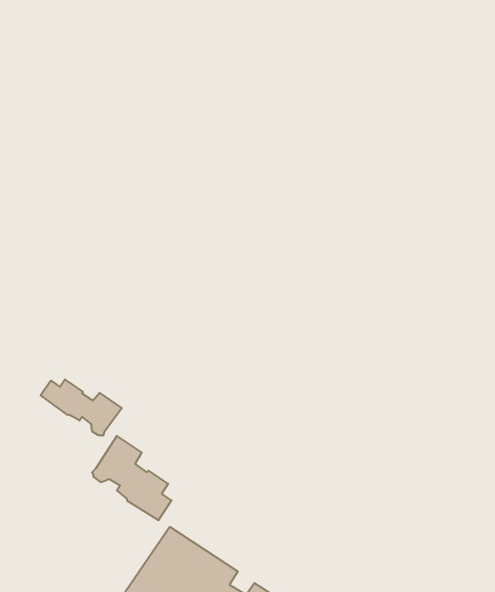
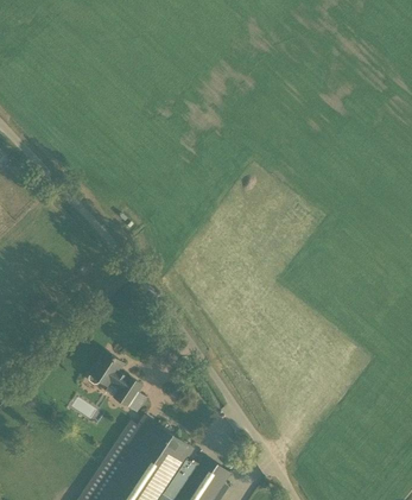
building: [41,379,122,436] -> none

